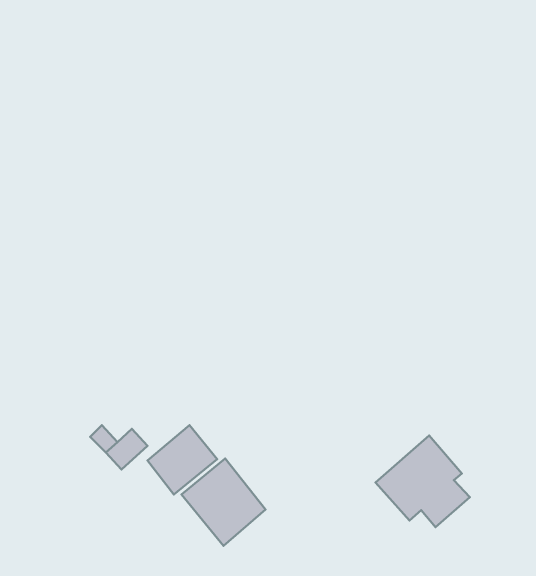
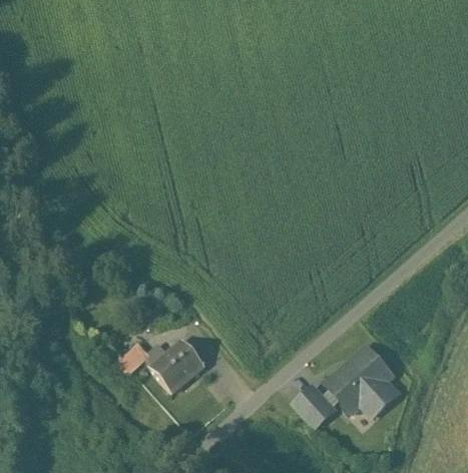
building: [182,458,266,546] -> none
building: none -> [295,387,333,425]

